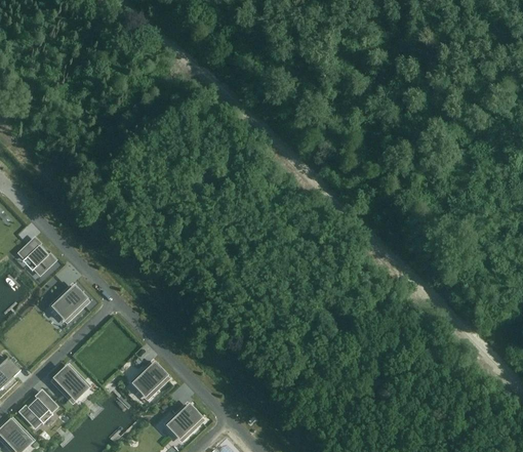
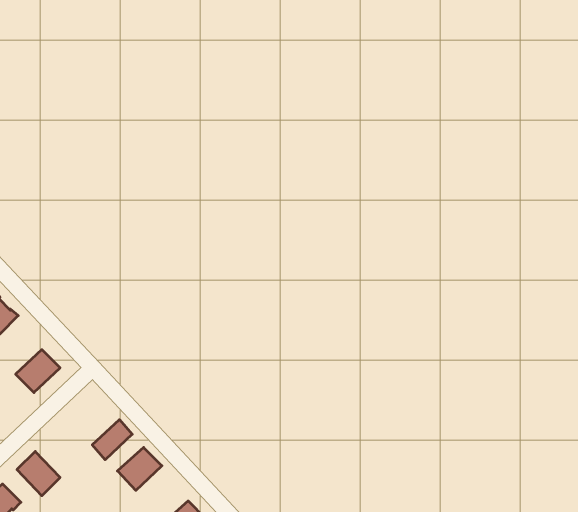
building: none -> [92,420,132,460]

